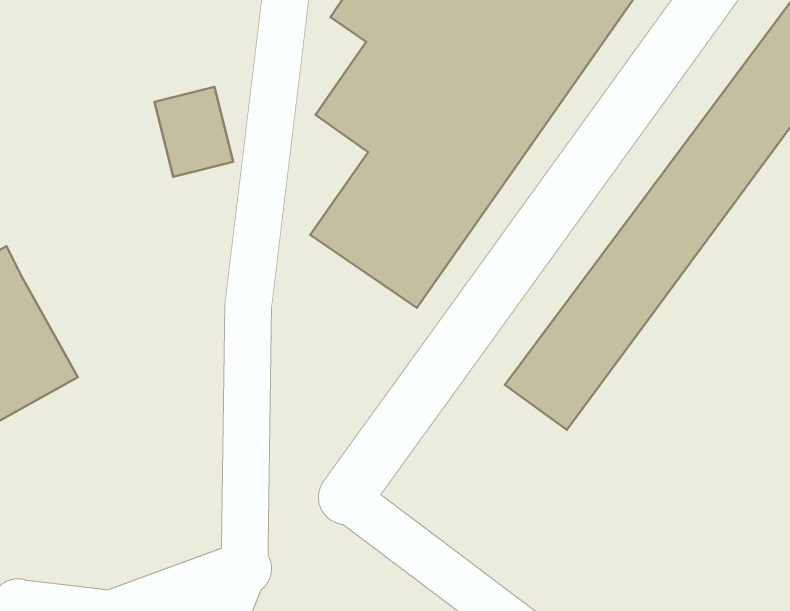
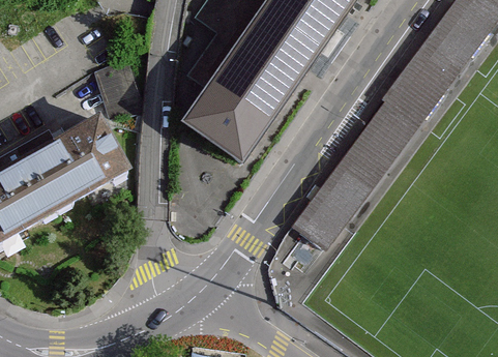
building: none -> [26,117,133,215]

